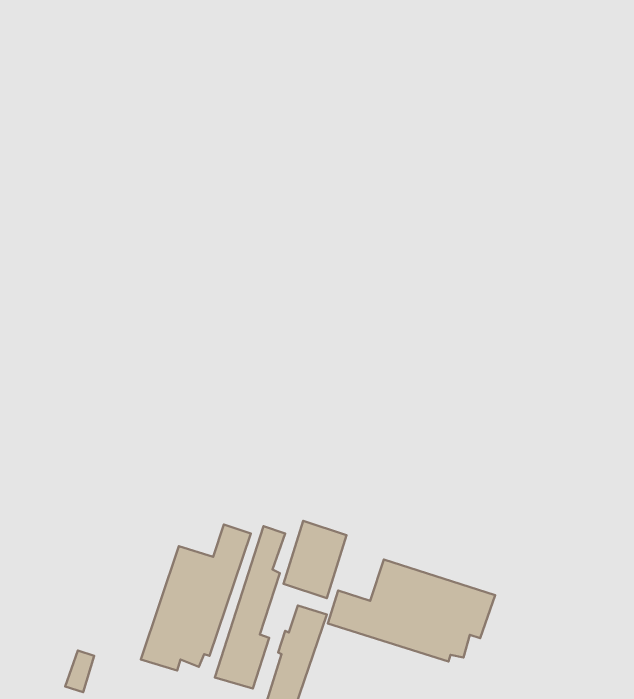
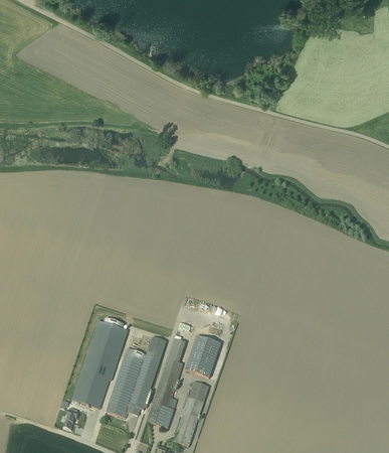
building: none -> [72,316,128,409]
building: [328,559,495,661] -> none

